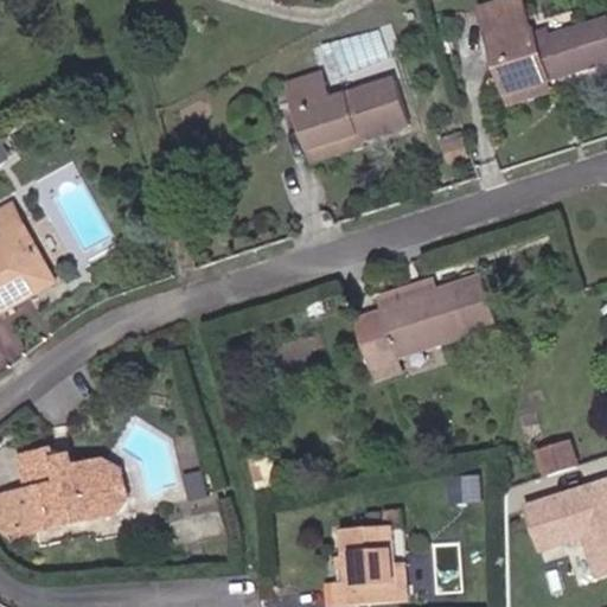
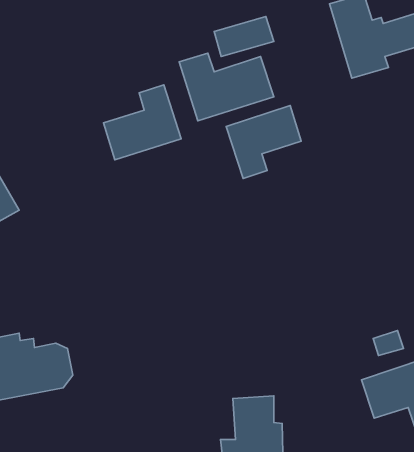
building: none -> [103,85,181,160]
building: none -> [226,105,301,178]
building: [363,271,501,379] -> none

